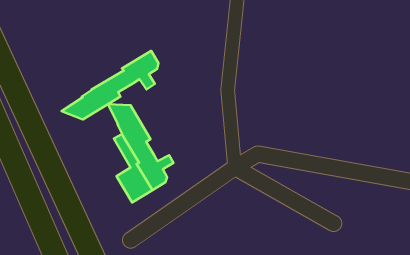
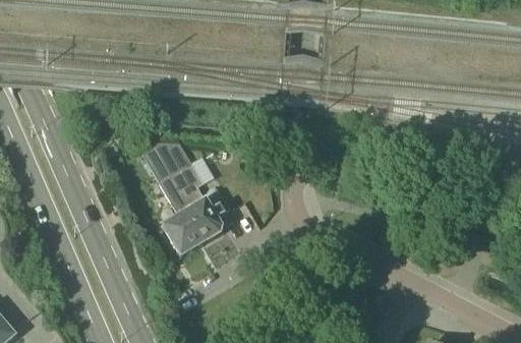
building: [62,51,159,119] -> none

